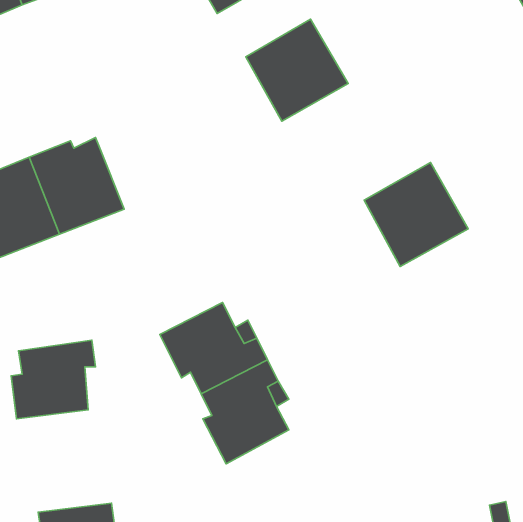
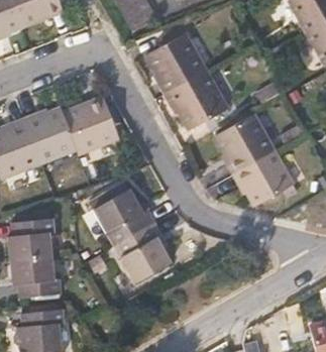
building: none -> [168,71,226,130]
building: none -> [65,91,120,146]
building: none -> [234,152,292,207]
building: none -> [18,254,70,294]

